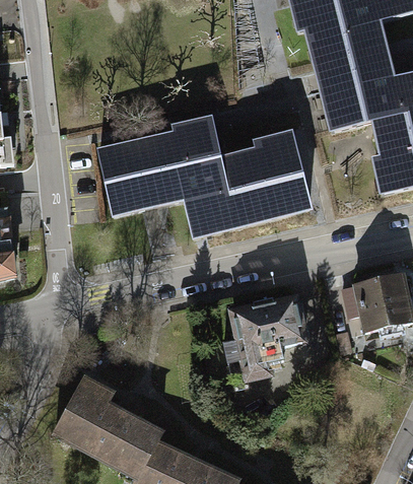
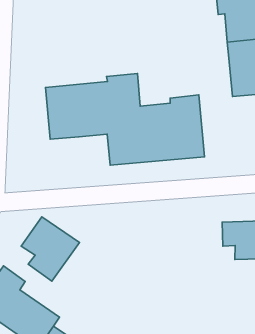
building: [223,296,305,377] -> none
building: none -> [21,217,80,281]

